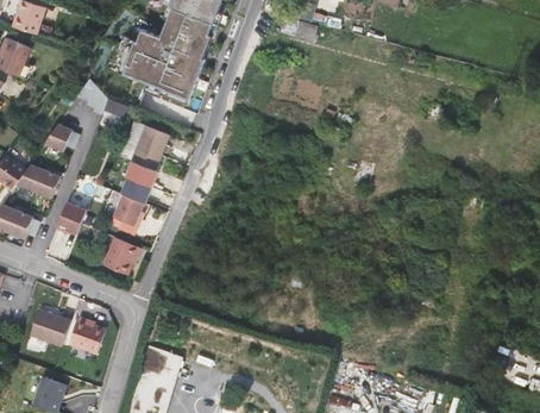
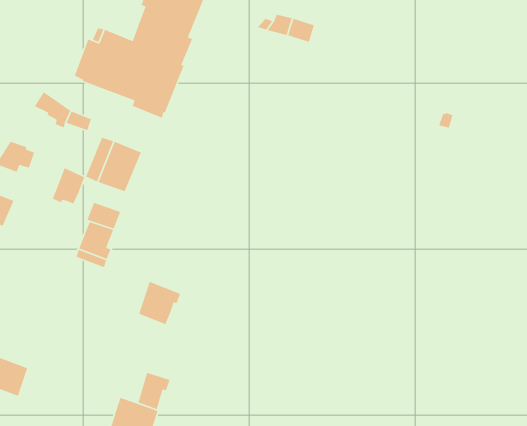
building: [57,202,86,234] -> [52,167,85,205]
building: [105,236,142,274] -> [138,281,181,325]
building: [70,317,107,353] -> none
building: none -> [137,372,170,410]

